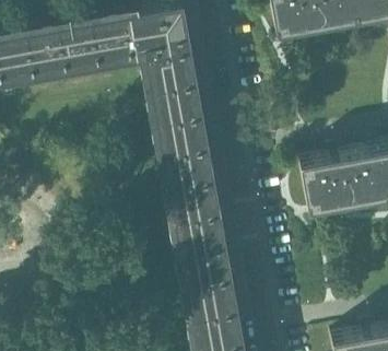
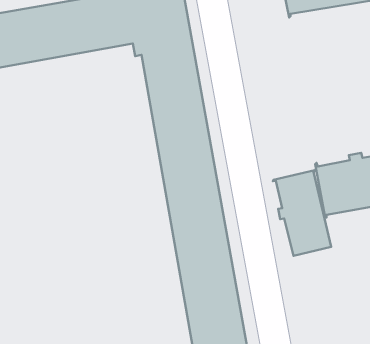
building: none -> [273,170,331,256]

